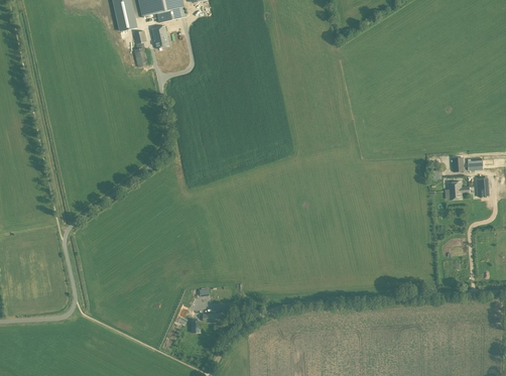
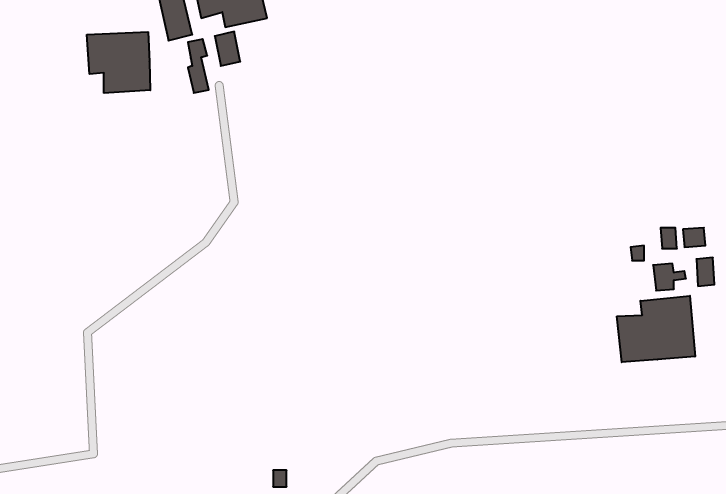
building: none -> [87,32,150,93]
building: none -> [617,296,695,362]

